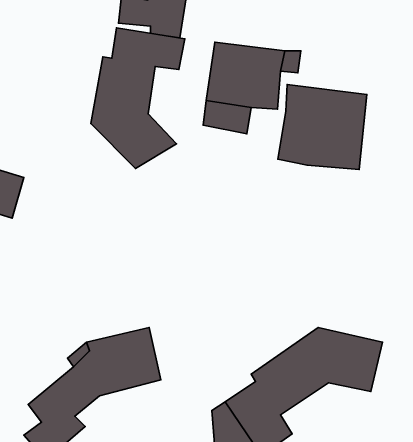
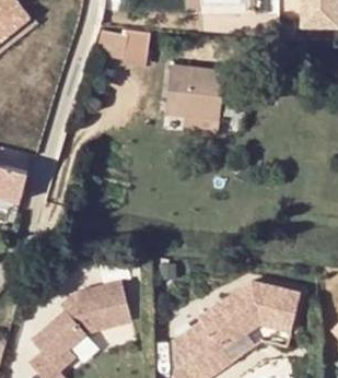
building: [91,28,185,169] -> none
building: [278,85,367,169] -> none

